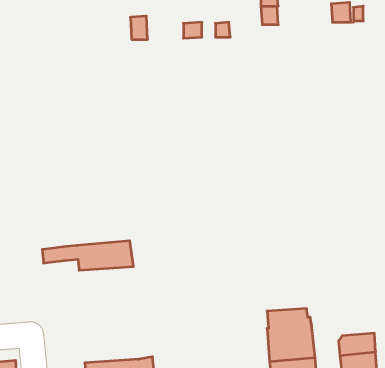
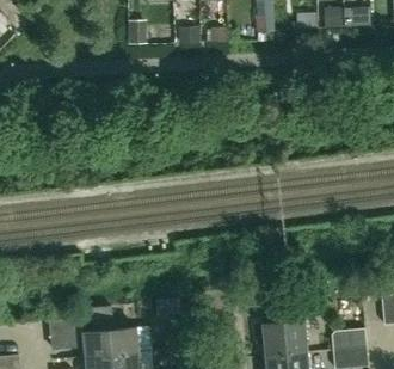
building: [42,241,133,270] -> [49,328,137,357]

